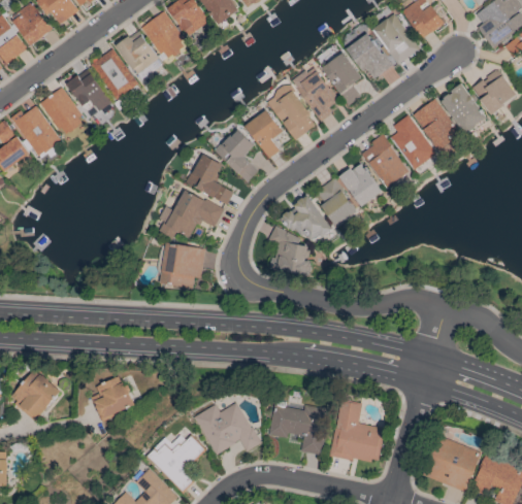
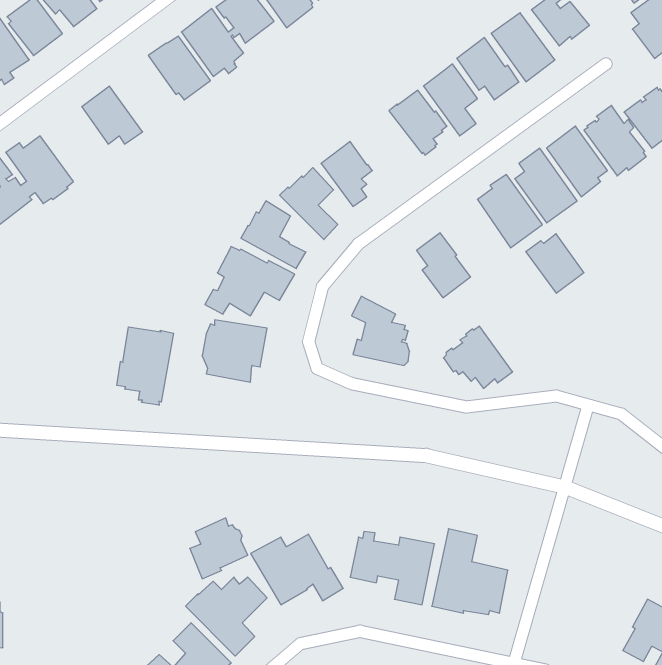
building: [90,48,138,99] -> none
building: [38,87,84,136] -> none
building: [269,91,314,140] -> none
building: [338,163,382,207] -> [526,234,584,293]
building: [281,195,332,241] -> [443,326,513,388]
building: none -> [117,327,174,405]
building: [10,370,60,422] -> none
building: [91,376,134,422] -> [190,518,248,579]
building: [422,435,482,493] -> none

